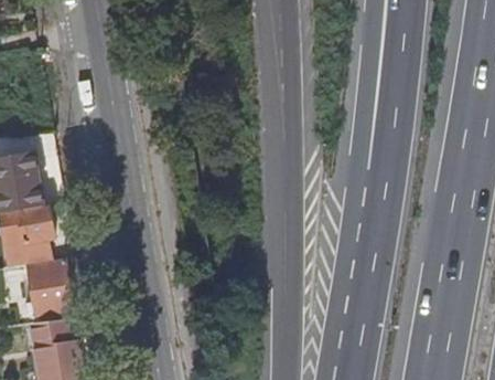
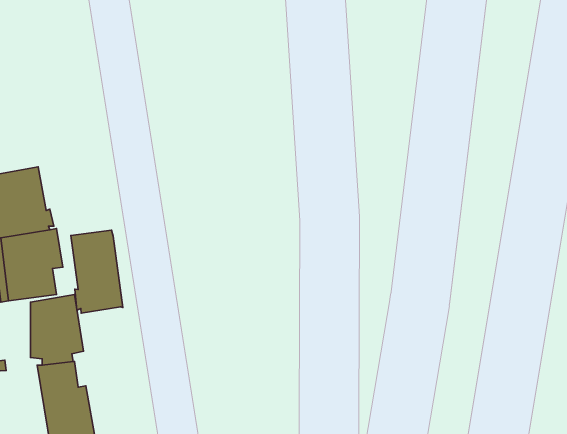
building: none -> [71,230,123,313]

